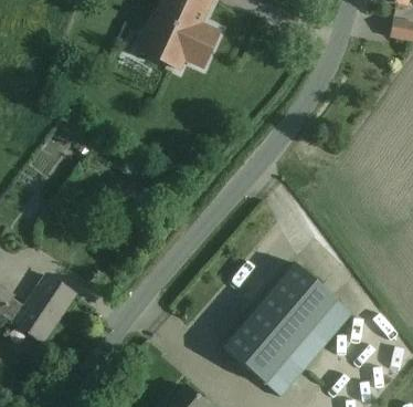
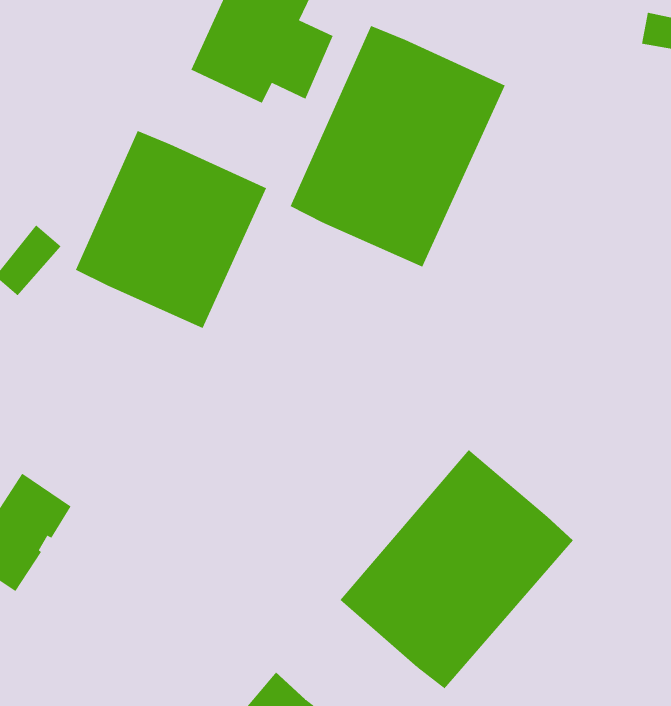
building: none -> [290,25,505,267]
building: none -> [75,130,267,329]

